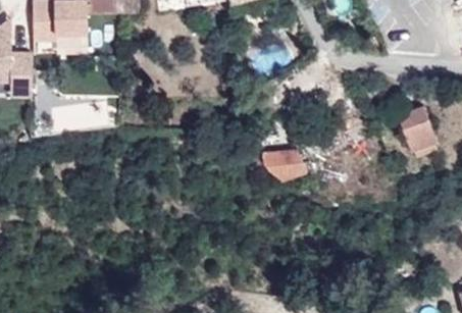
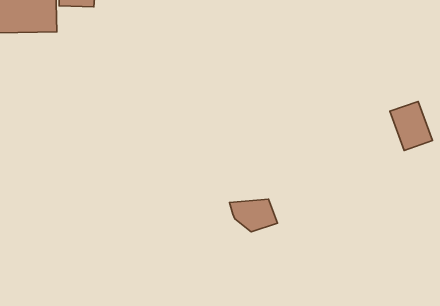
building: [262,149,307,179] -> [229,199,277,232]

